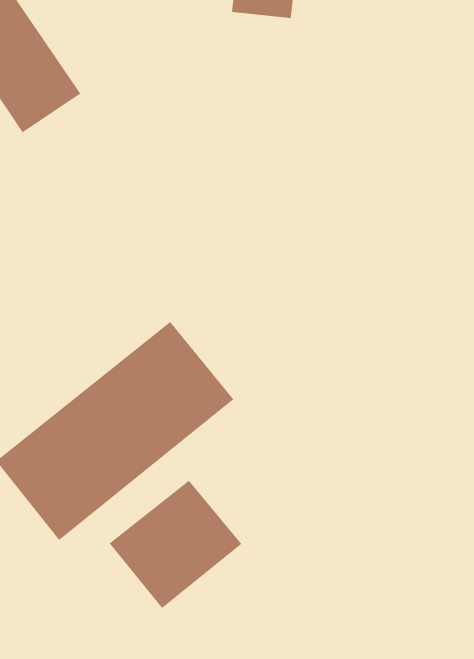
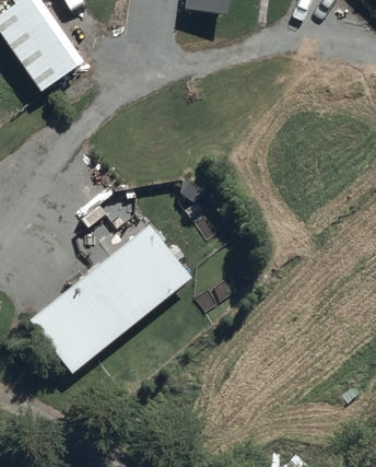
building: [109,480,242,609] -> none

